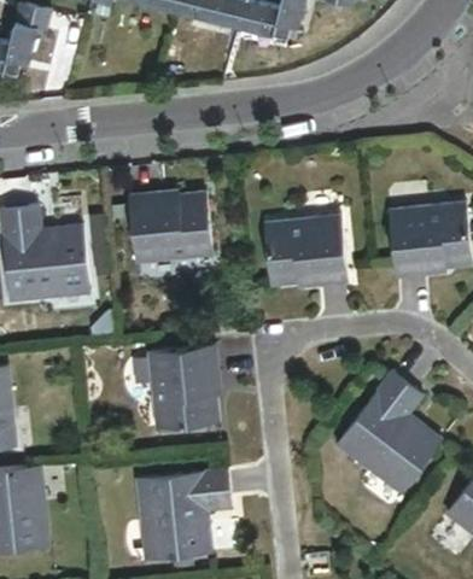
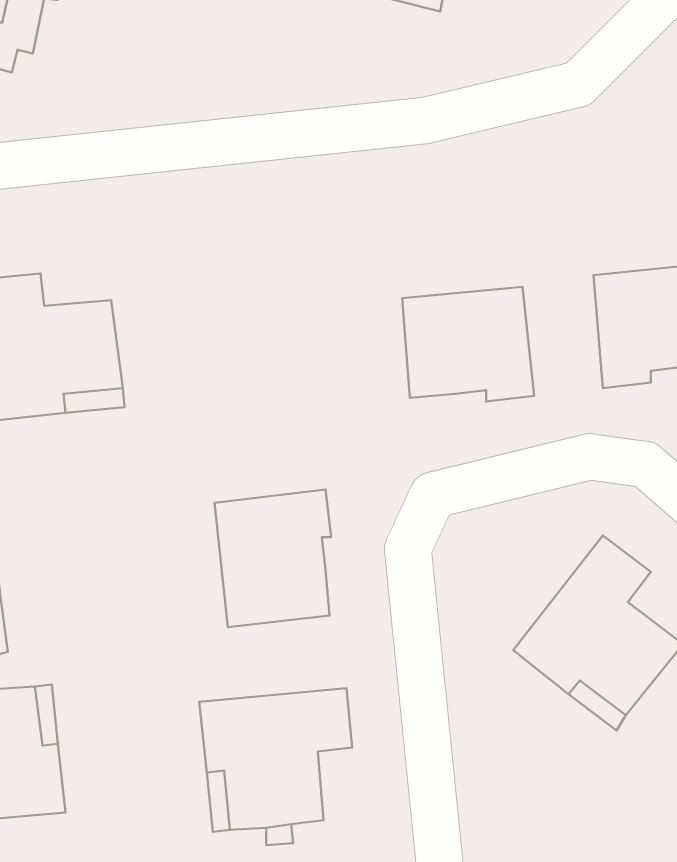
building: [129,191,212,262] -> none

